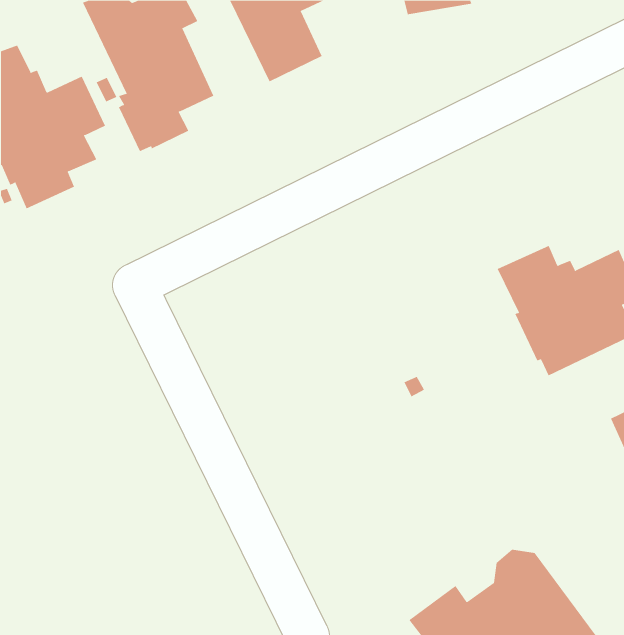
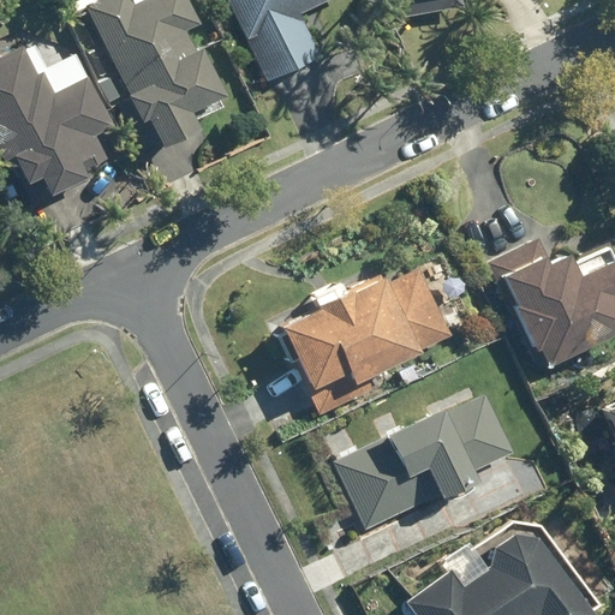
building: none -> [275,268,453,416]
building: none -> [336,394,515,531]

